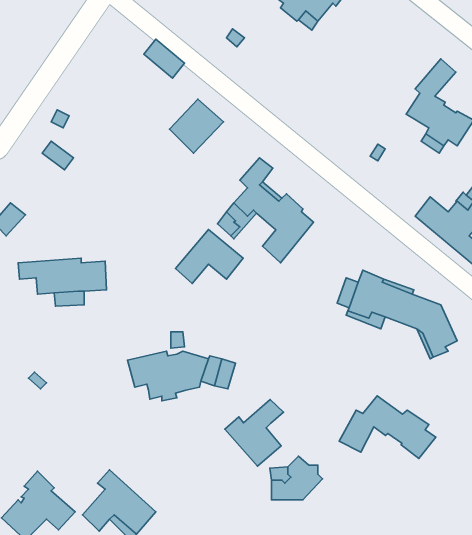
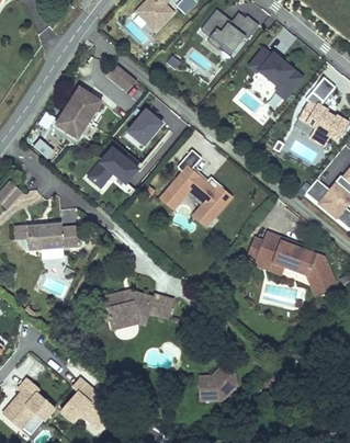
building: none -> [249,48,302,98]
building: none -> [55,87,101,137]
building: [176,230,243,284] -> [88,147,137,186]
building: [339,396,436,459] -> none
building: [225,399,283,466] -> none

